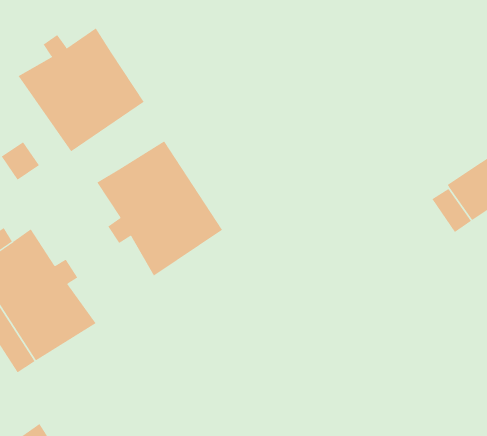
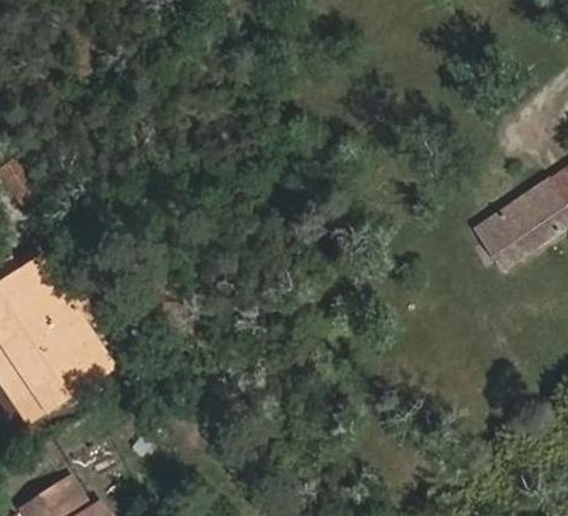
building: [18,28,145,152] -> none
building: [97,140,223,277] -> none

